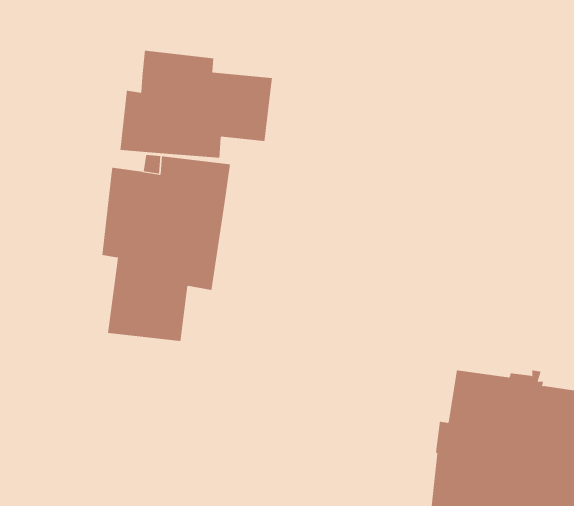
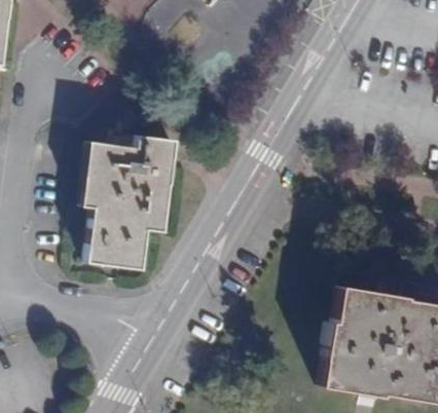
building: [120,50,272,159] -> none

